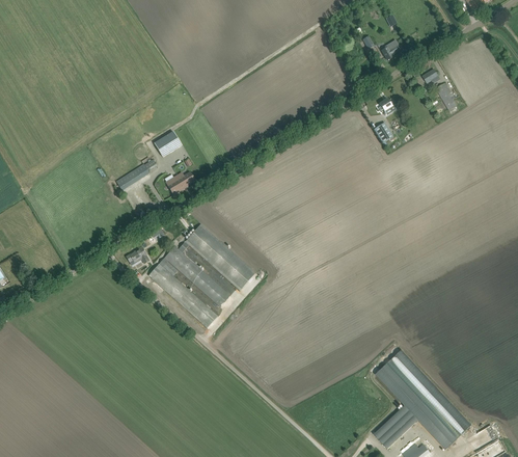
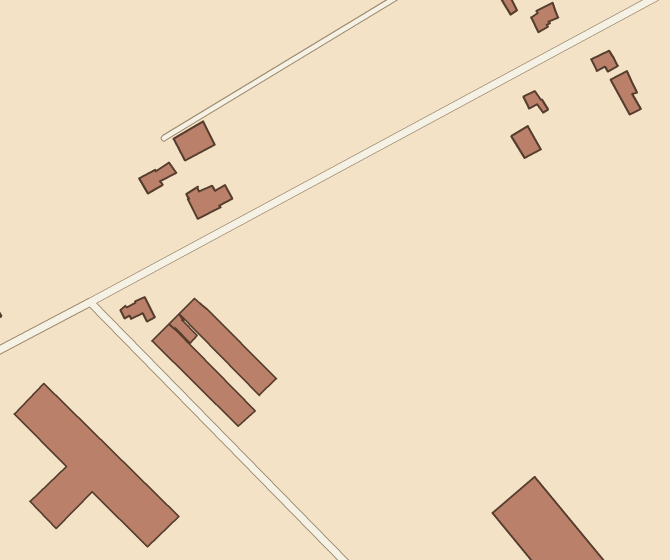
building: [178,223,254,290] -> none
building: none -> [14,384,179,547]

